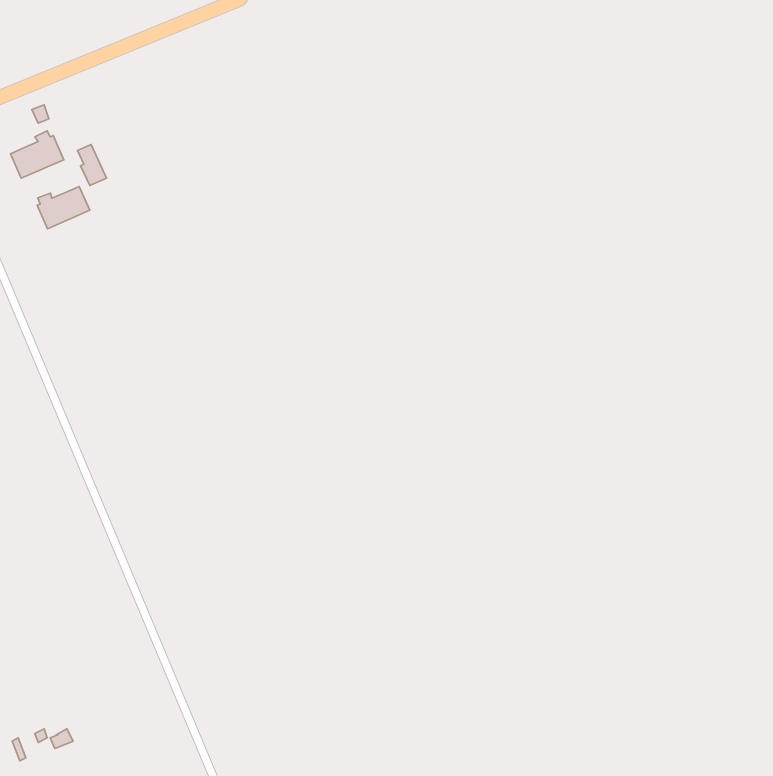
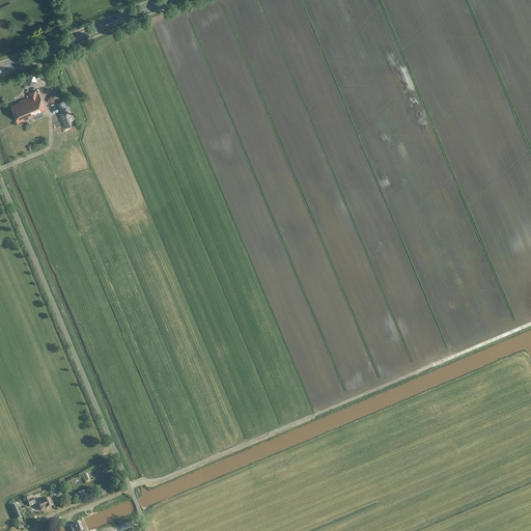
building: [37,186,90,229] -> none

